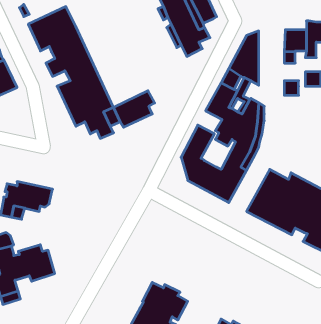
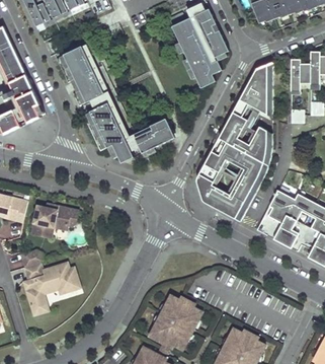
building: none -> [211,137,245,191]

